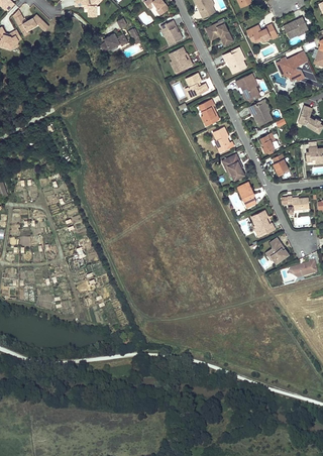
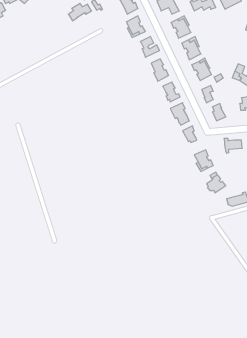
building: [276,50,309,81] -> none

